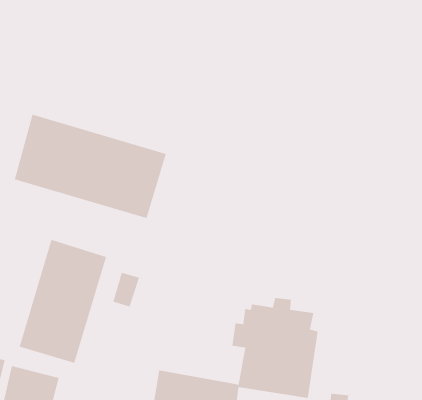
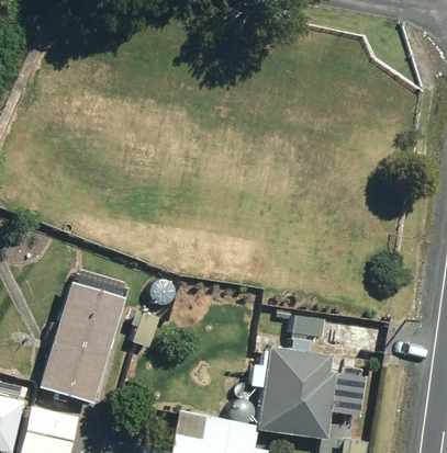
building: [14,114,166,219] -> none

